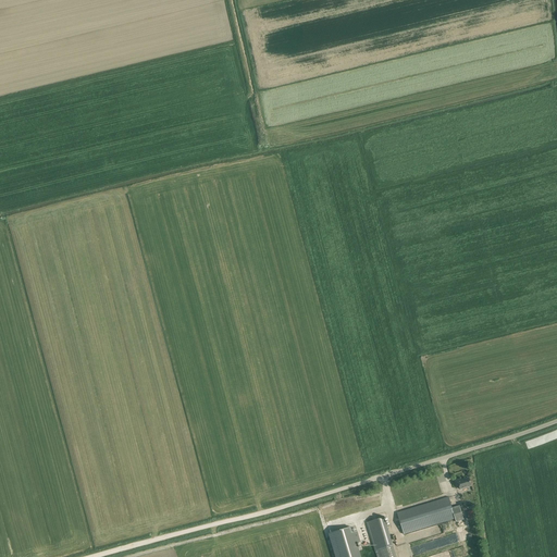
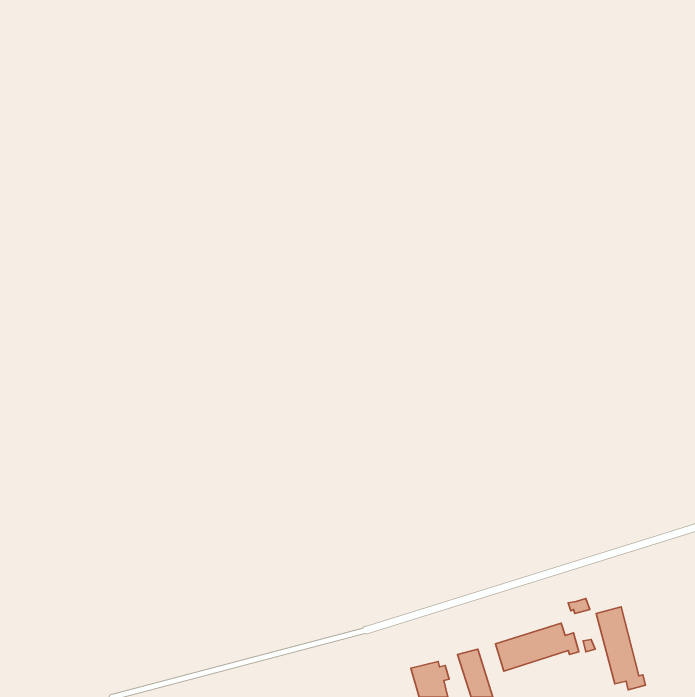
building: none -> [596,607,646,690]

